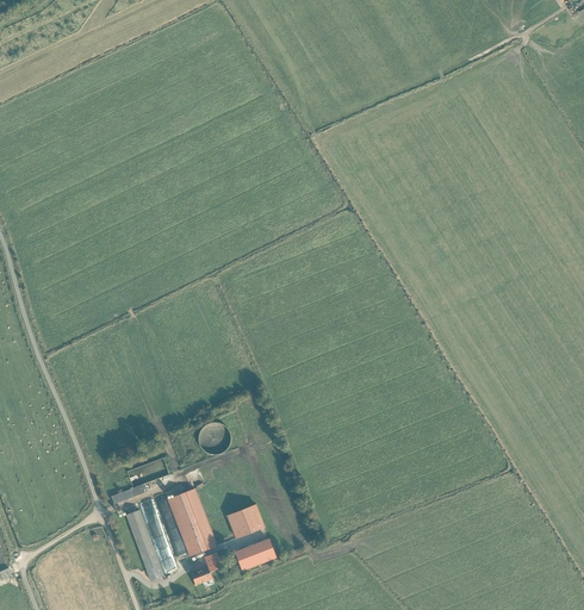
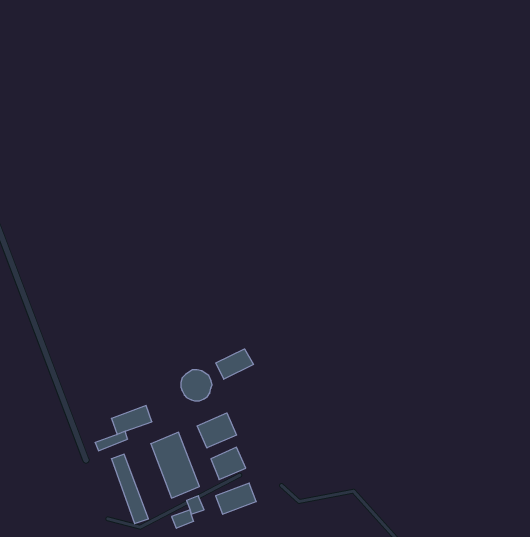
building: none -> [216,349,253,379]
building: none -> [197,413,237,448]

